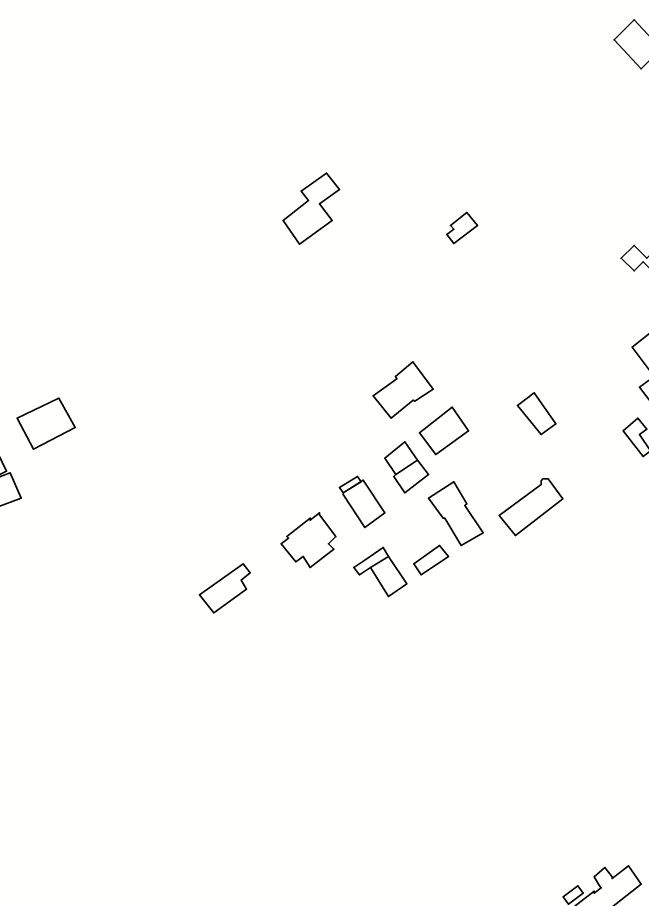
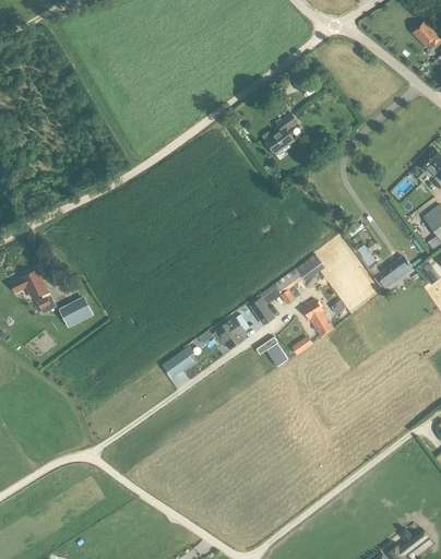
building: [283,173,339,244] -> [264,112,298,155]
building: [373,362,433,418] -> none
building: [17,398,75,449] -> [58,297,93,328]
building: [499,479,563,535] -> [373,257,412,290]

